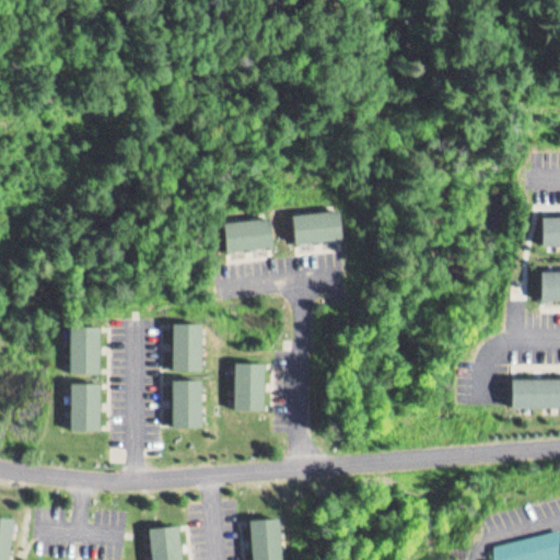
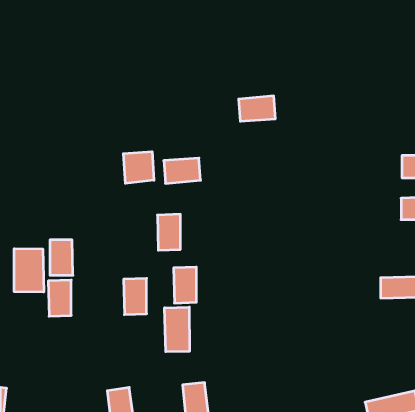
building: [291,211,340,245] -> [239,96,275,121]
building: none -> [123,152,154,183]
building: [170,324,200,372] -> [157,214,180,250]
building: none -> [14,249,44,292]
building: none -> [165,307,189,352]

